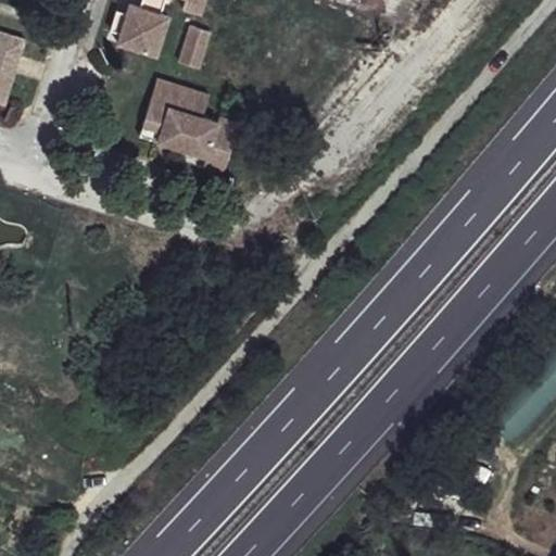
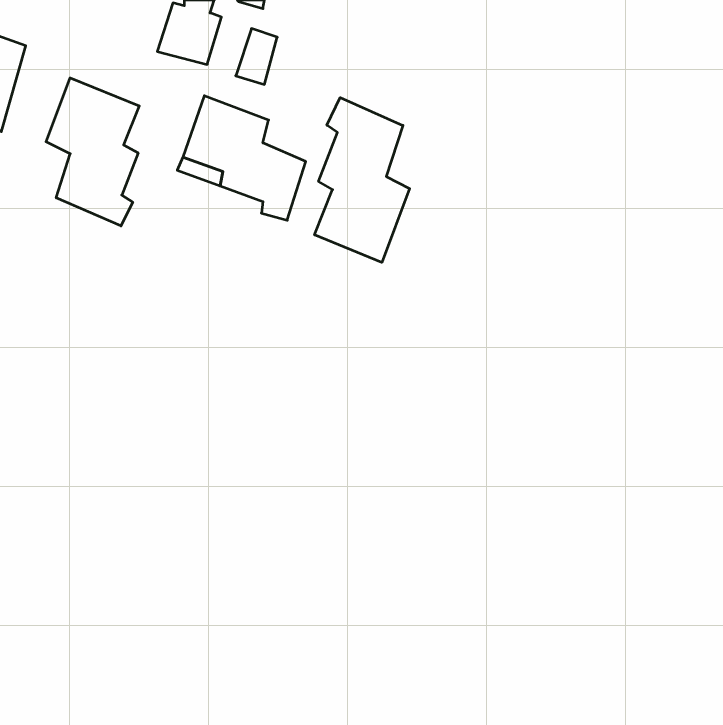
building: none -> [46,78,139,226]
building: none -> [315,98,410,262]

